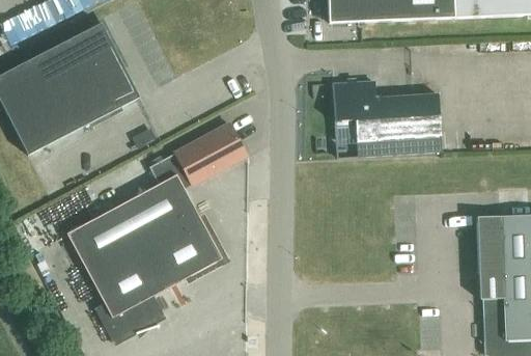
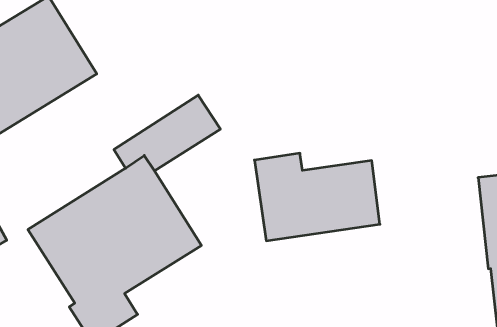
building: [332,81,441,158] -> [254,153,380,241]

